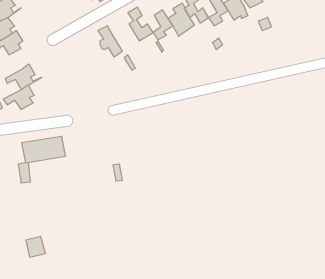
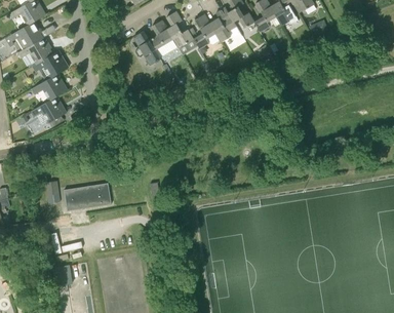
building: none -> [149,19,179,56]
building: none -> [32,50,69,78]
building: [22,136,66,163] -> [64,182,112,210]

